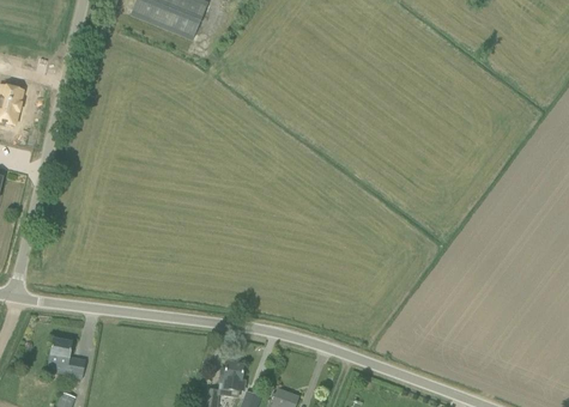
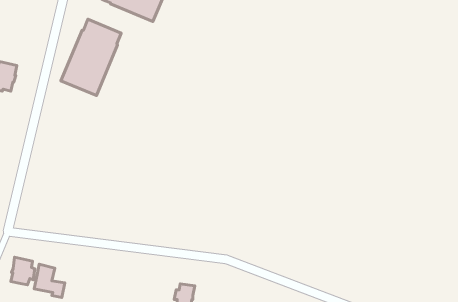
building: none -> [61,19,121,95]
building: none -> [11,257,35,285]

